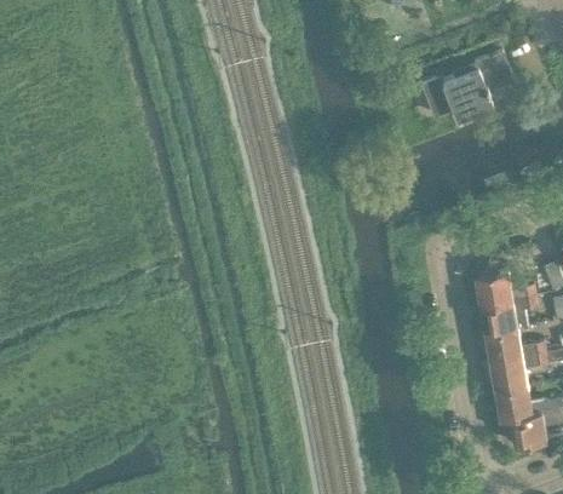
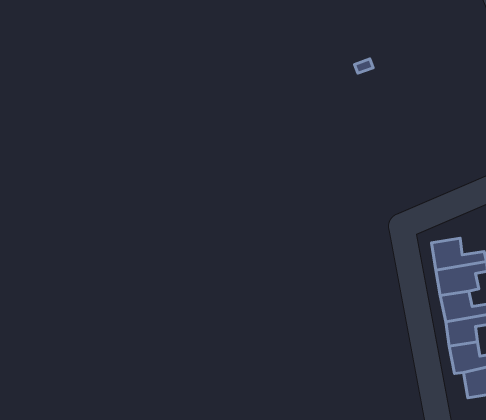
building: [420,53,512,117] -> none

